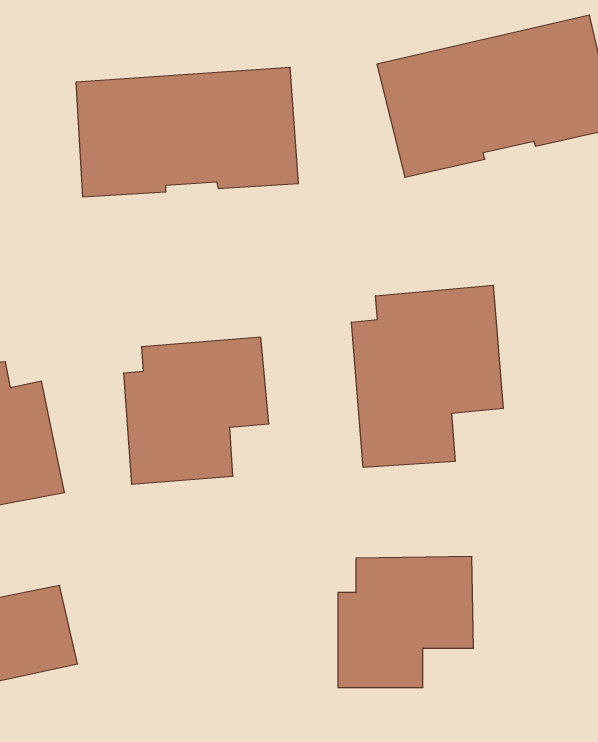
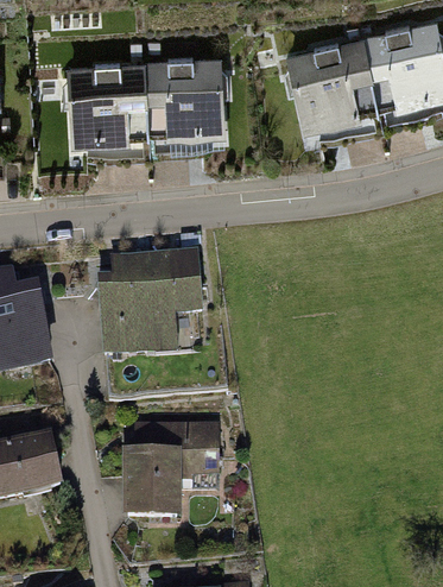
building: [351,285,503,467] -> none
building: [338,557,474,687] -> [121,423,220,518]

